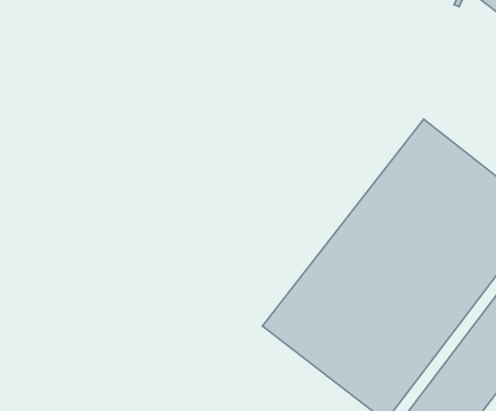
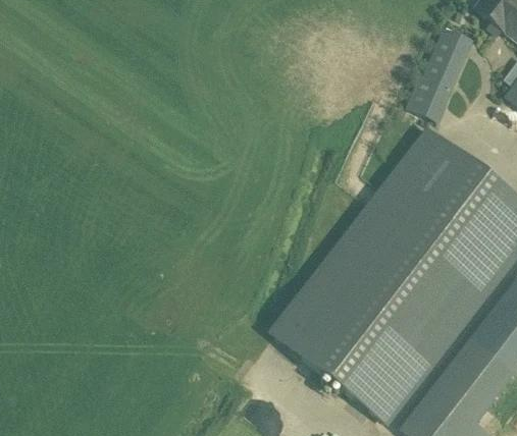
building: none -> [405,25,474,122]

